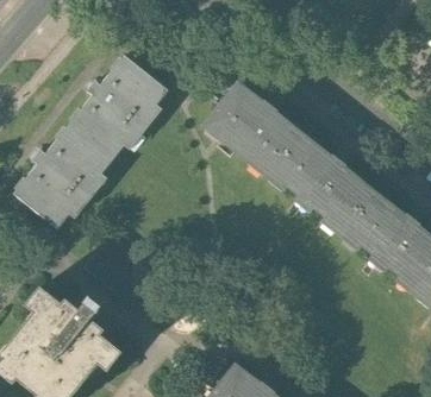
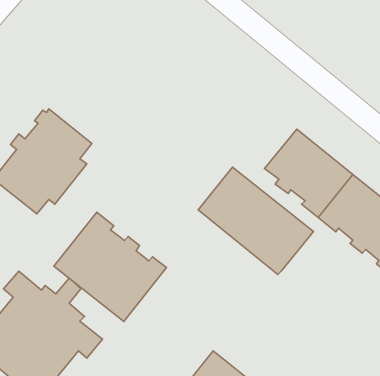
building: [70,53,169,158] -> none
building: [202,80,318,187] -> [198,167,314,274]
building: none -> [54,212,167,322]

